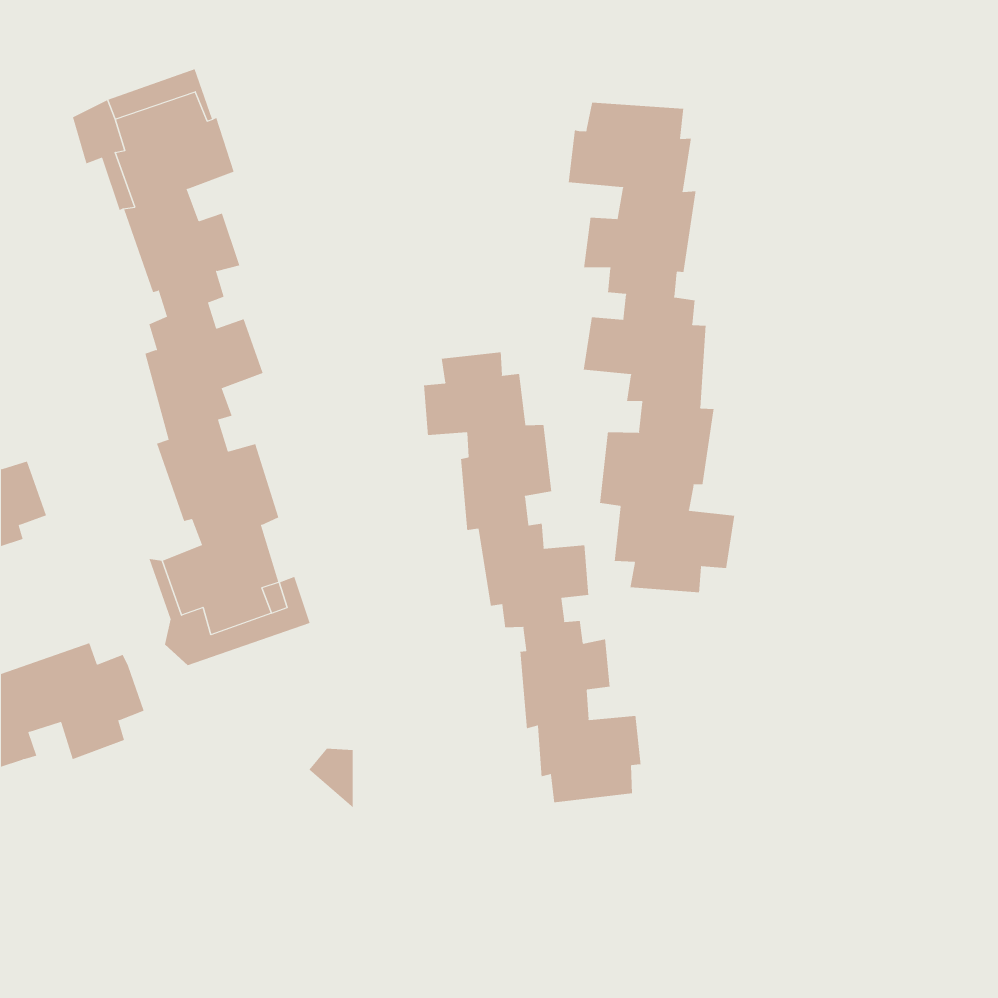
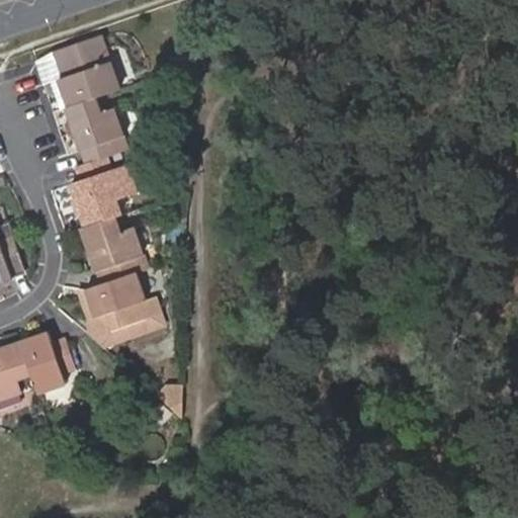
building: [568,102,735,593] -> none
building: [424,351,641,803] -> none

